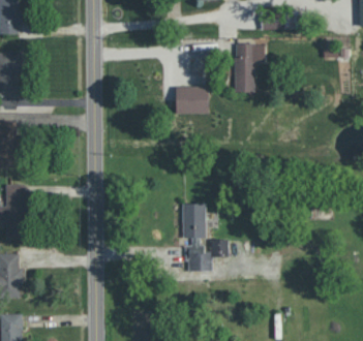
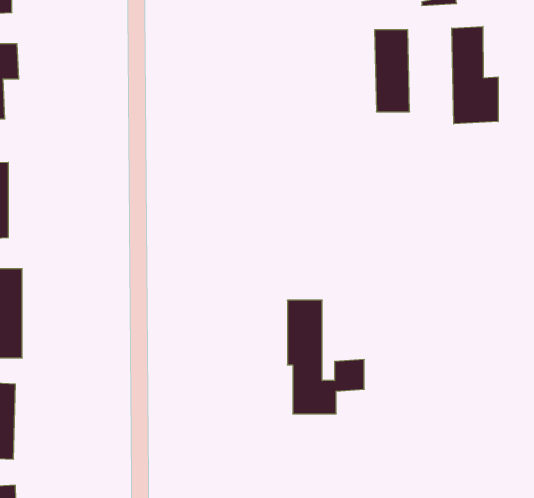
building: none -> [452,26,498,124]
building: [176,86,209,114] -> none

